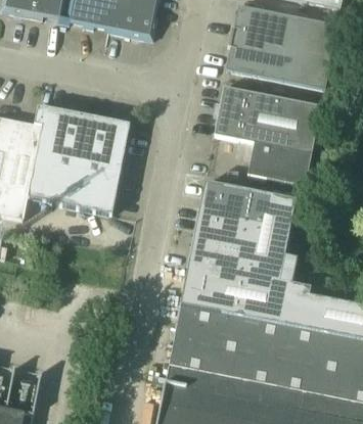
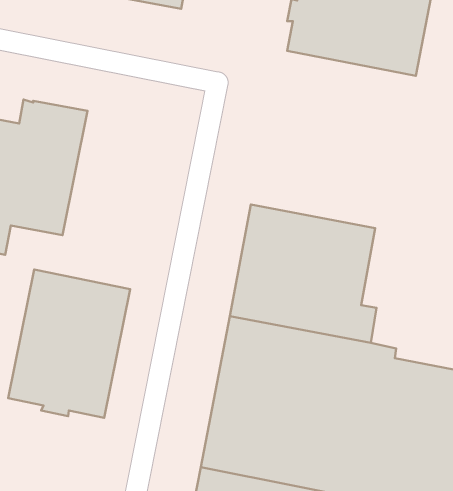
building: [215,87,321,187] -> none
building: [66,114,131,215] -> none
building: none -> [8,270,130,418]

